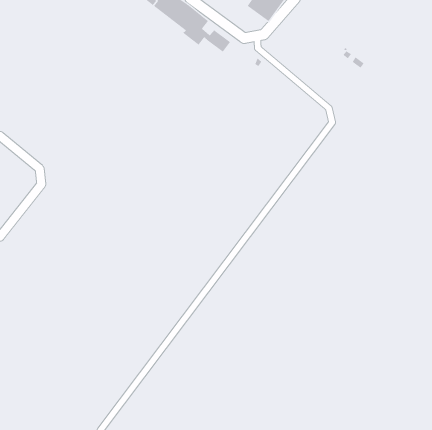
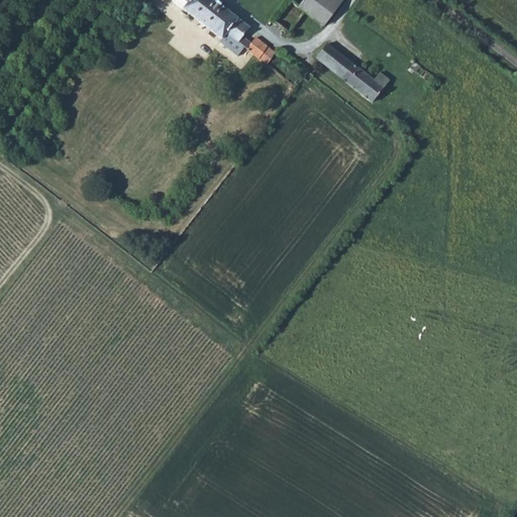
building: none -> [316,42,389,100]

